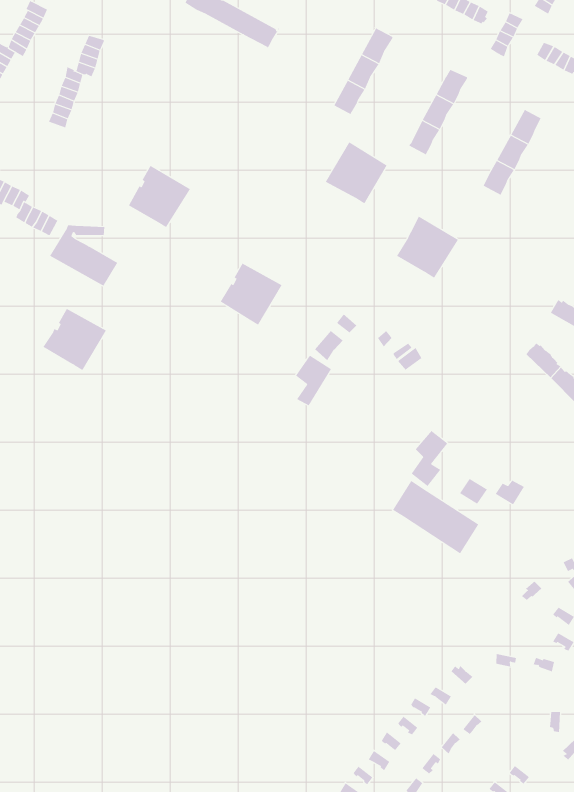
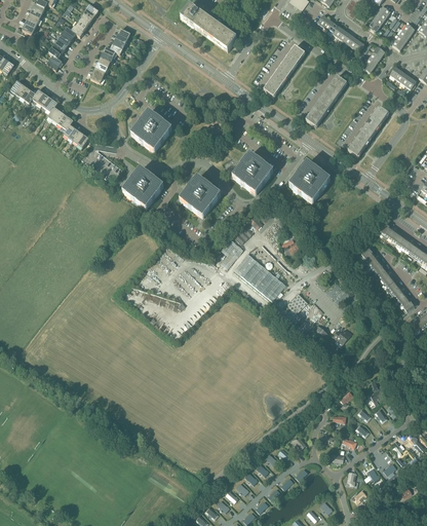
building: [325,141,387,204] -> [232,153,271,192]
building: [42,308,107,371] -> [122,168,162,208]
building: [392,480,479,554] -> [233,252,284,300]

